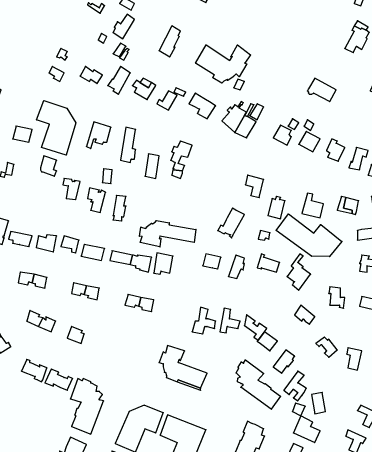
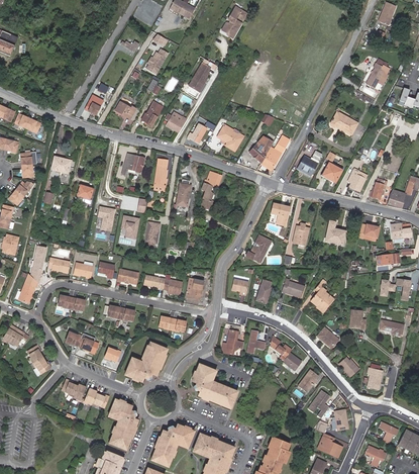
building: [196,45,251,83] -> none
building: [37,101,76,155] -> none
building: [276,214,342,257] -> none
building: [139,221,196,247] -> none
building: none -> [124,342,166,381]
building: [236,360,281,409] -> none

